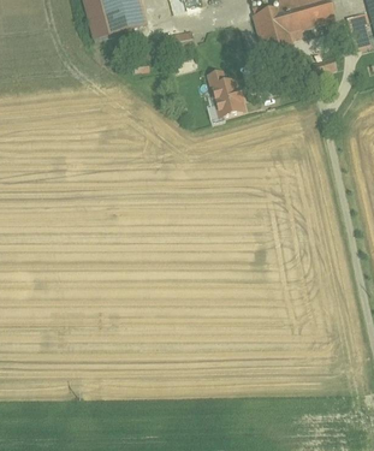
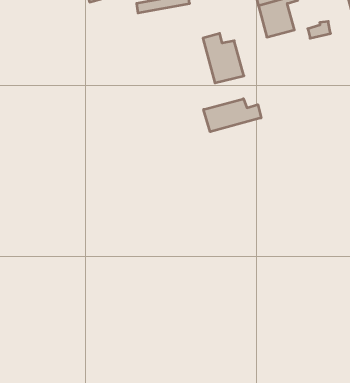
building: none -> [204,99,261,132]

